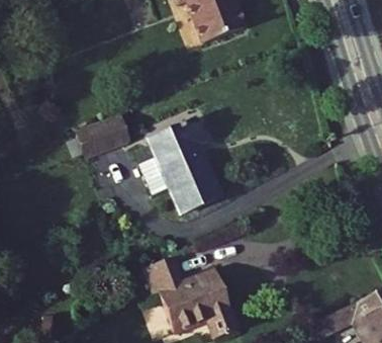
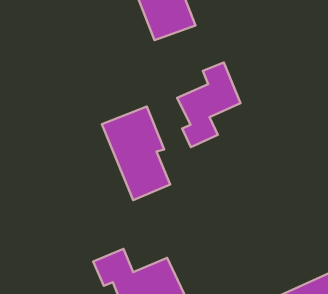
building: none -> [177,62,240,147]
building: [74,118,126,161] -> none

